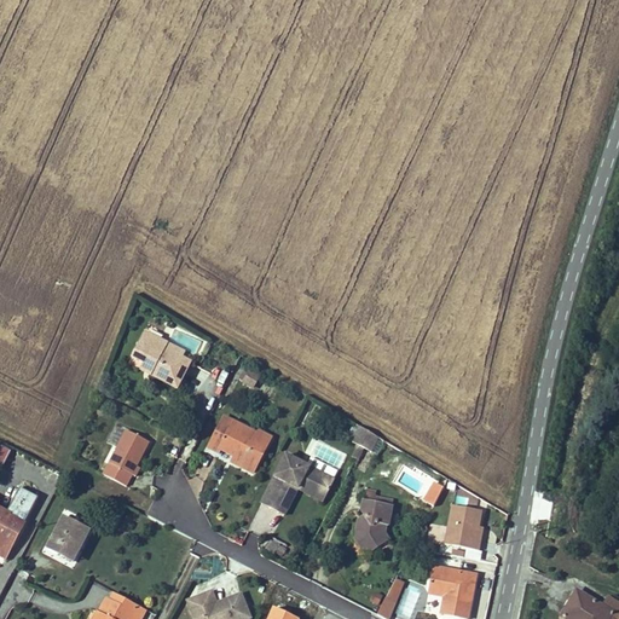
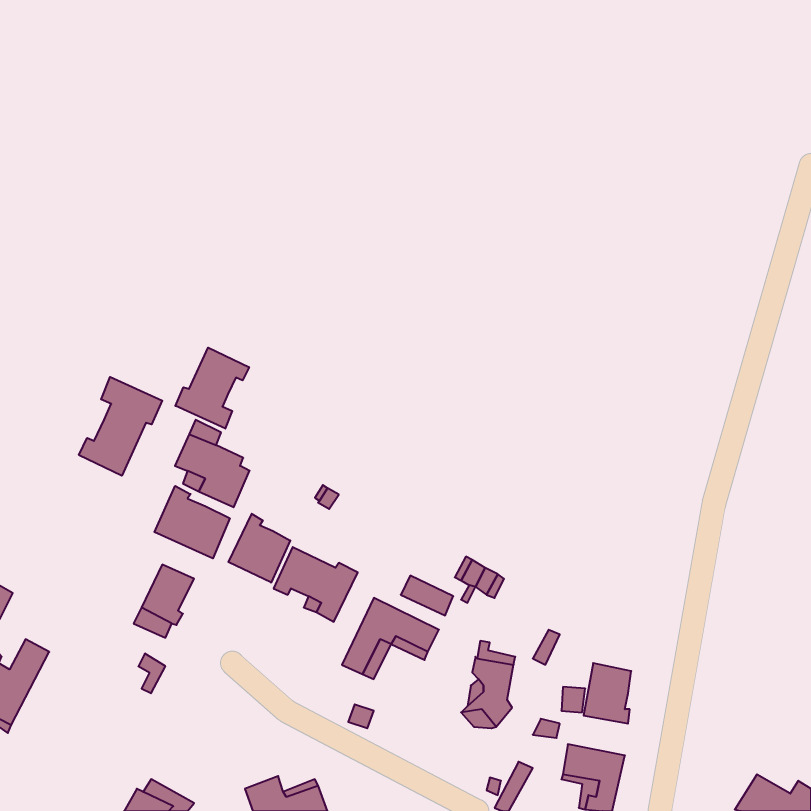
building: none -> [175,348,249,429]
building: none -> [79,377,162,476]
building: none -> [154,486,230,558]
building: none -> [228,514,290,583]
building: [47,517,88,561] -> none

